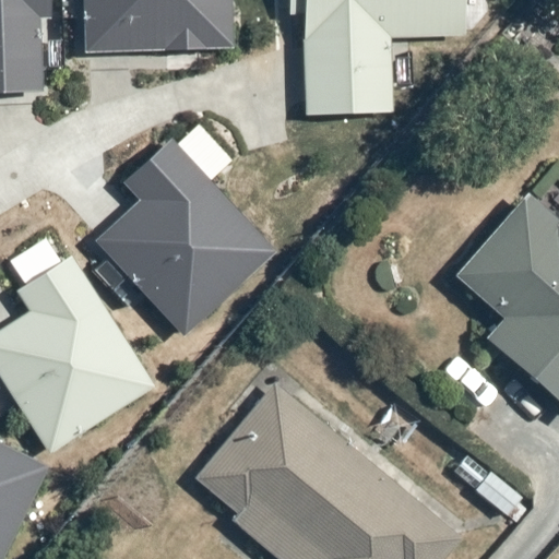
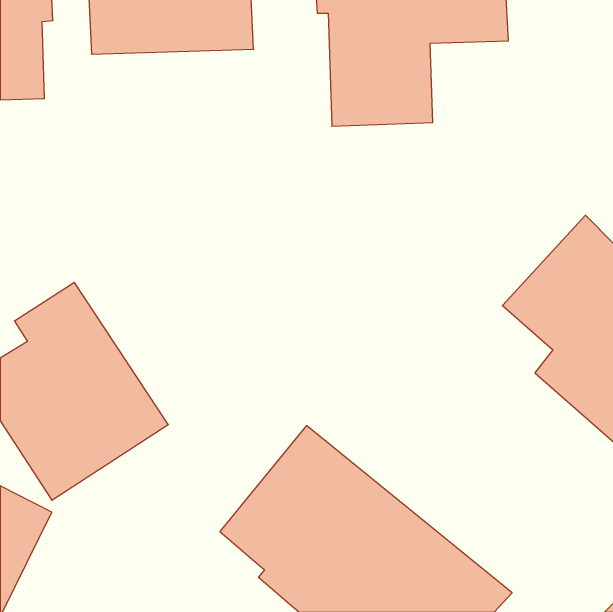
building: [94,139,276,337] -> none

